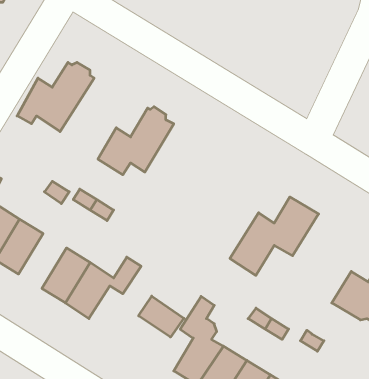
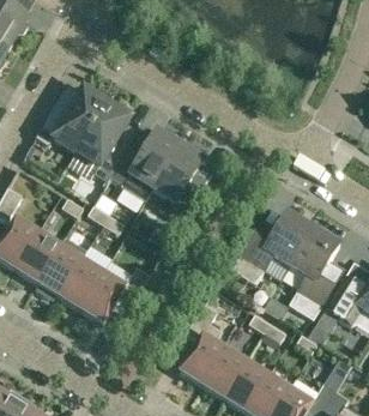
building: none -> [75,101,131,181]
building: none -> [153,144,204,222]
building: none -> [289,227,339,318]
building: none -> [37,245,81,295]
building: [139,296,184,337] -> none

